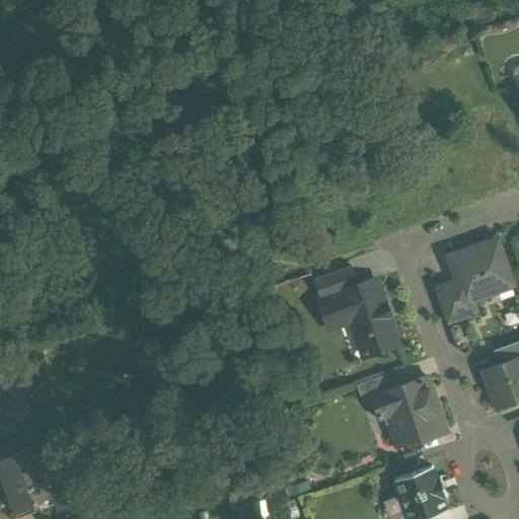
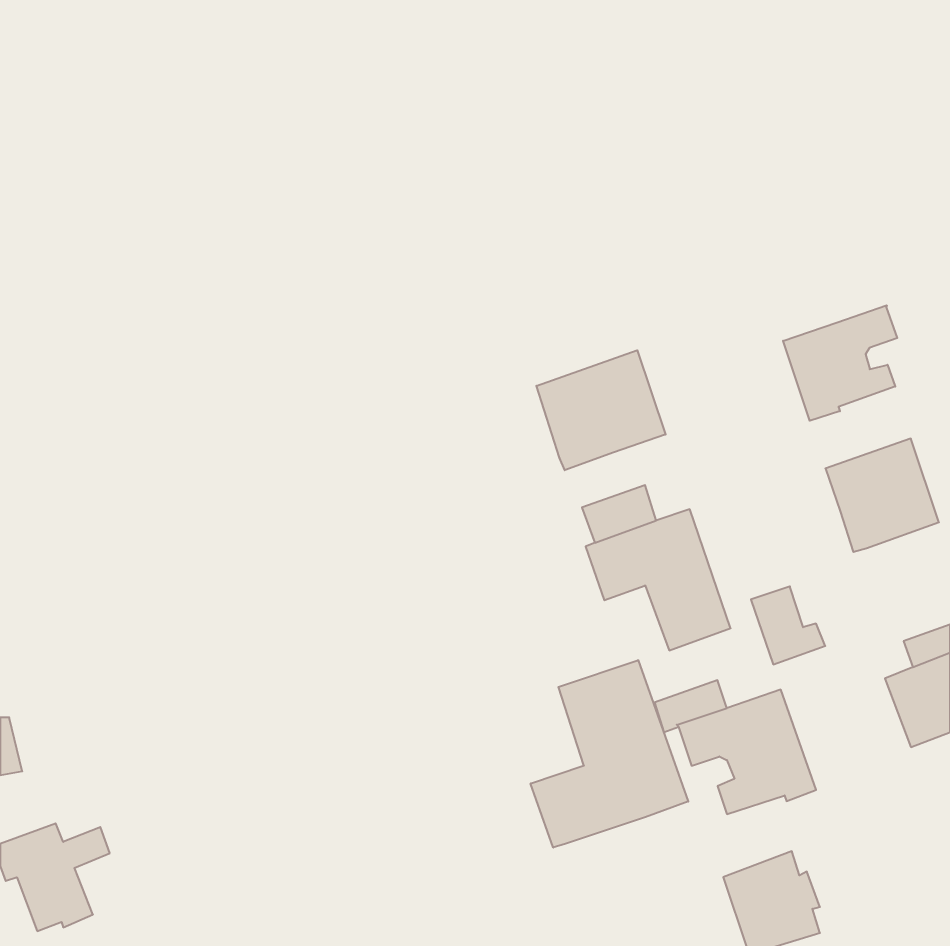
building: none -> [783,305,897,421]
building: none -> [536,350,666,470]
building: [437,281,477,323] -> [751,586,825,664]
building: none -> [531,660,688,848]

